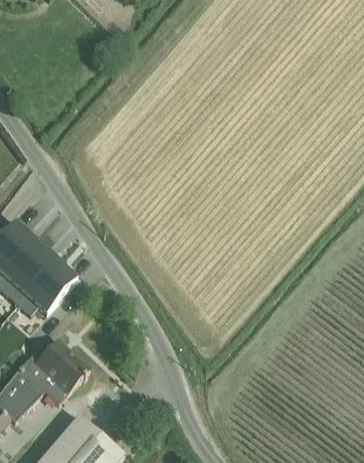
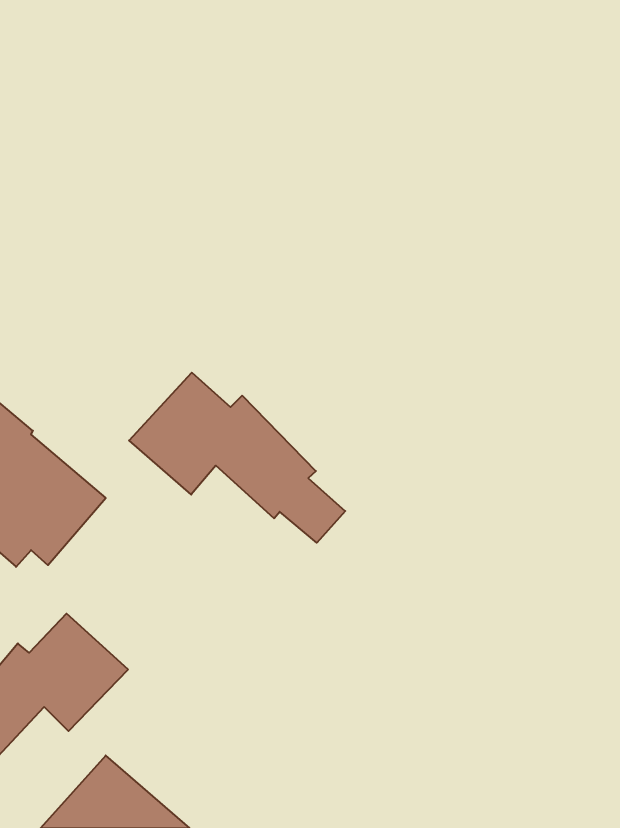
building: none -> [129,373,345,543]

